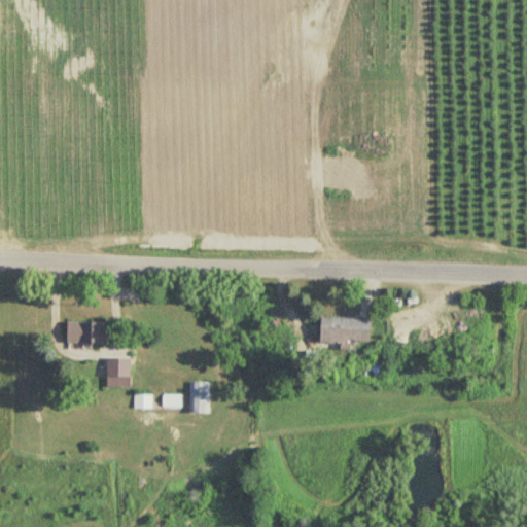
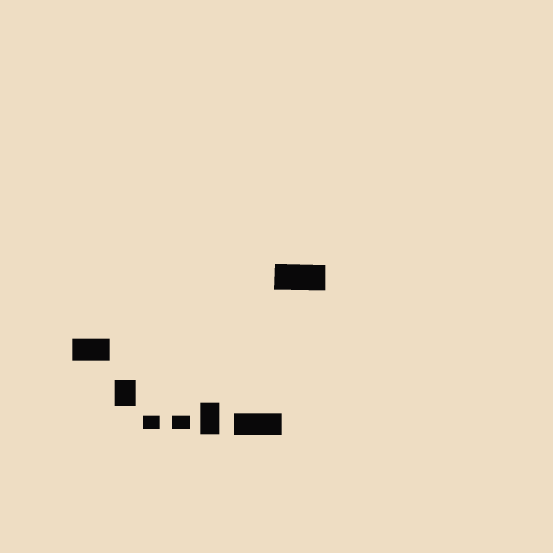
building: [320,316,371,342] -> [273,264,326,291]
building: none -> [233,413,282,436]

